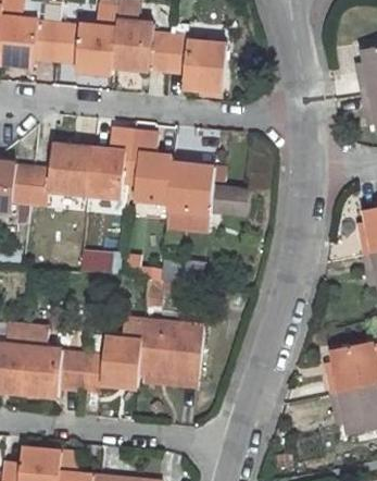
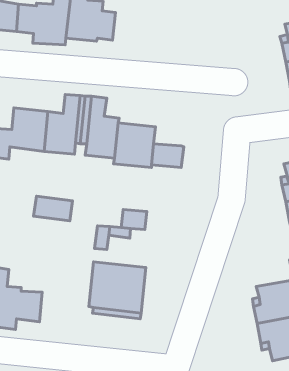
building: [165,36,227,91] -> none
building: [81,319,143,392] -> none

